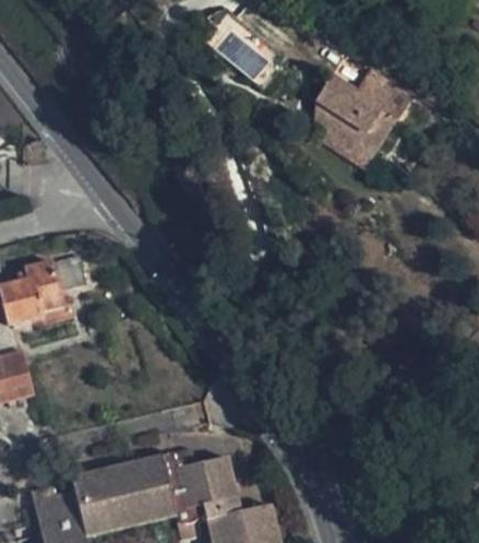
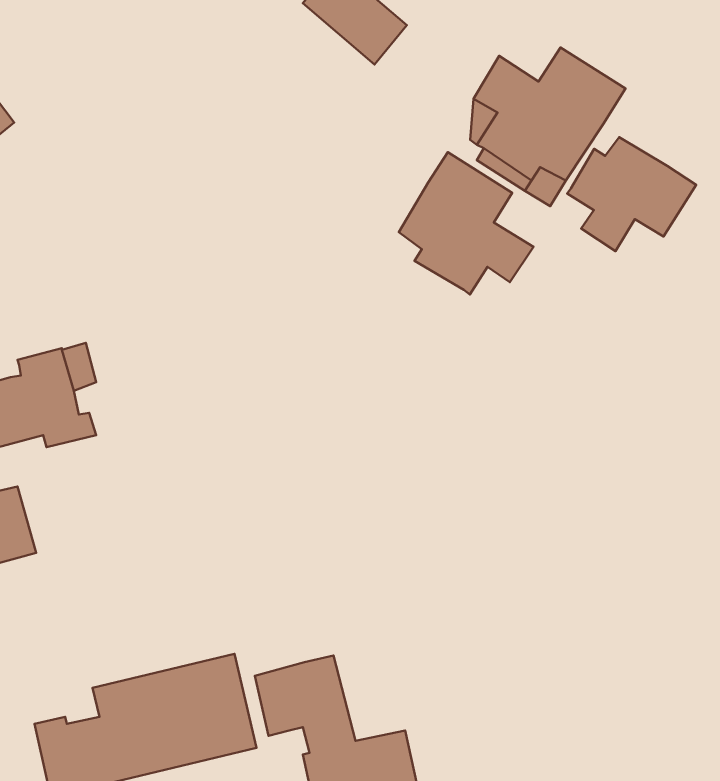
building: none -> [567,137,696,251]
building: none -> [399,152,534,294]
building: [163,455,207,524] -> none

